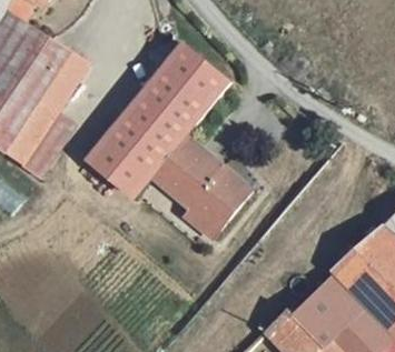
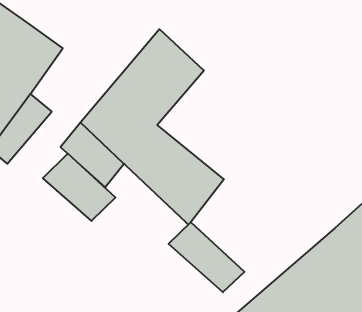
building: none -> [43,154,115,221]
building: none -> [169,222,244,292]

